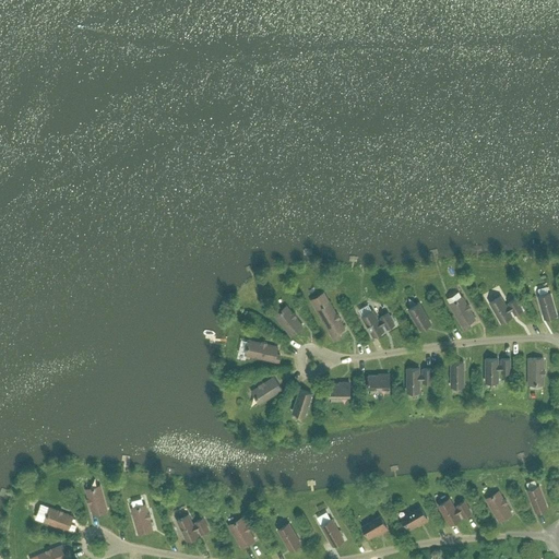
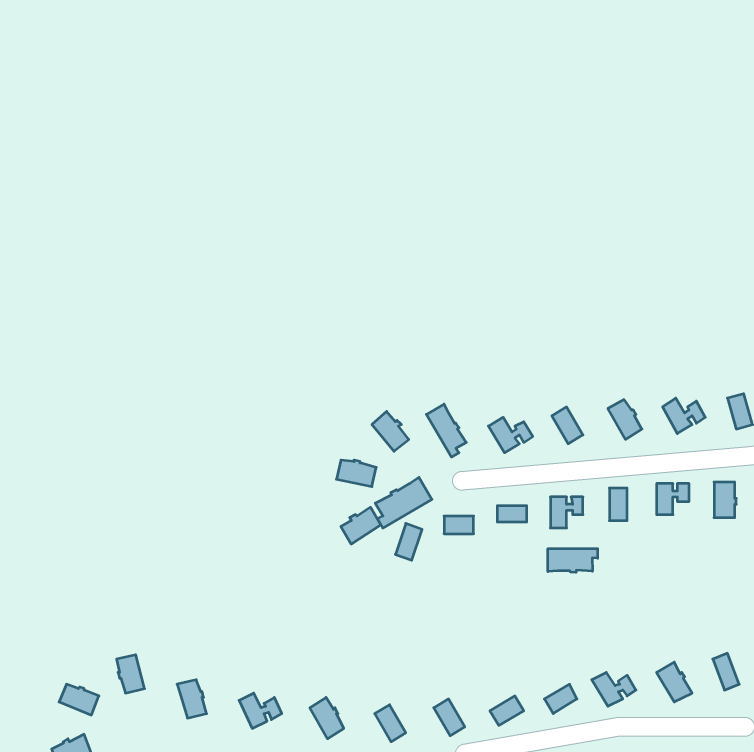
building: none -> [375,477,432,528]
building: none -> [548,549,598,572]

